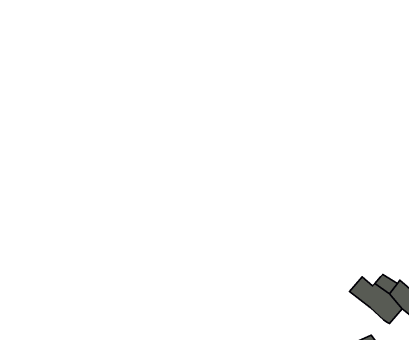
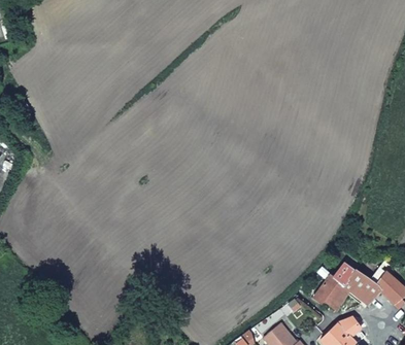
building: none -> [314,275,351,309]

